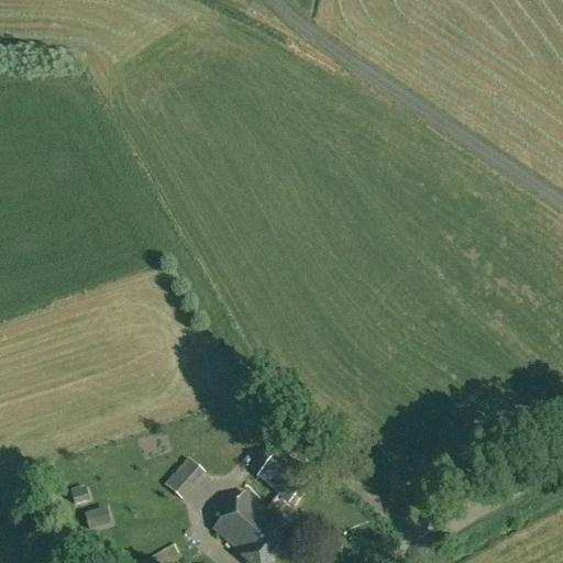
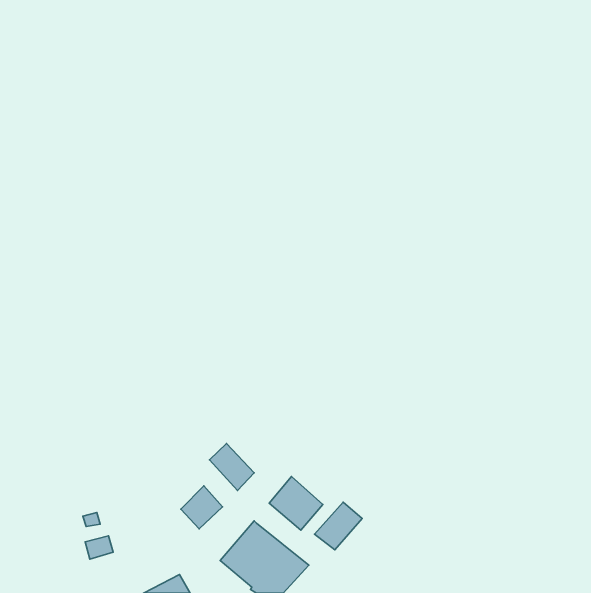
building: none -> [209,444,254,490]
building: none -> [315,502,362,550]

